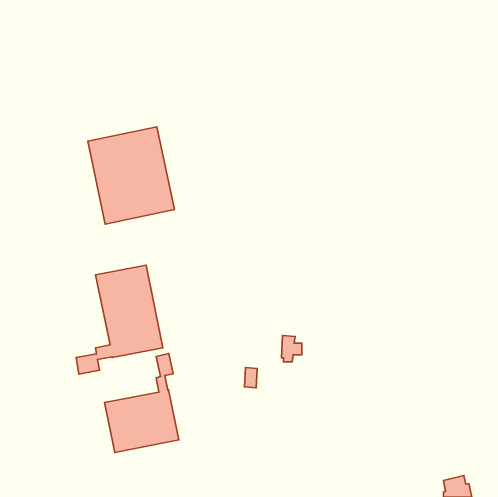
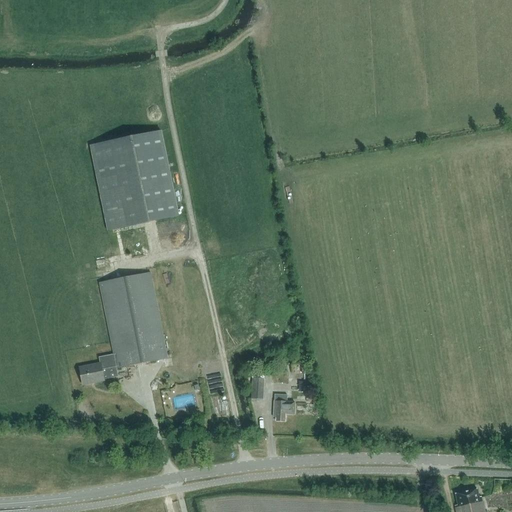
building: [281,335,302,362] -> [273,393,294,420]
building: [104,354,179,453] -> none

